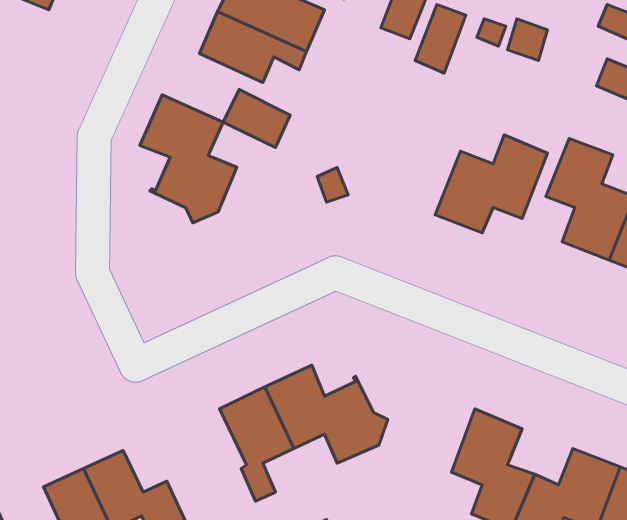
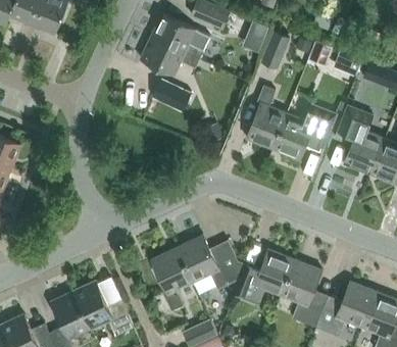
building: [140,95,237,223] -> none
building: none -> [246,86,287,149]
building: none -> [235,248,295,304]

